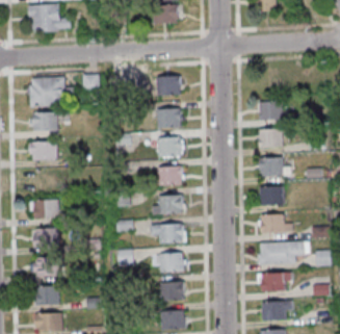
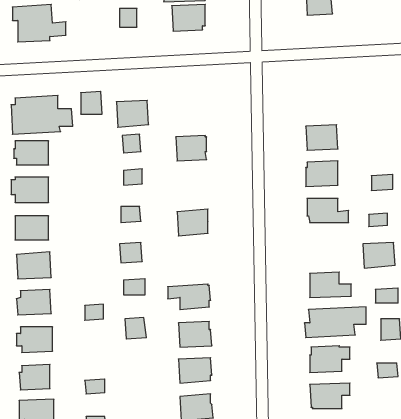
building: [155,75,180,96] -> [116,100,149,127]
building: [157,137,181,157] -> none
building: [258,186,283,206] -> [363,243,395,268]
building: [151,195,182,215] -> none

